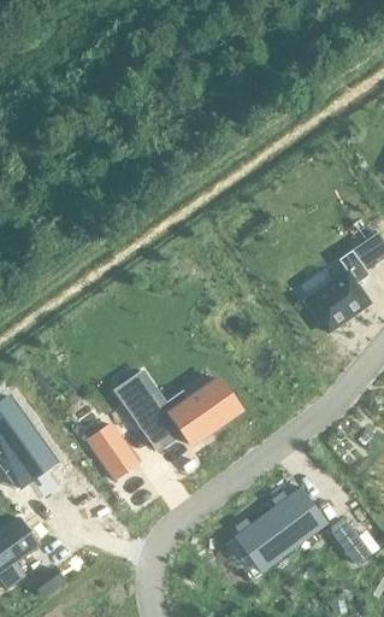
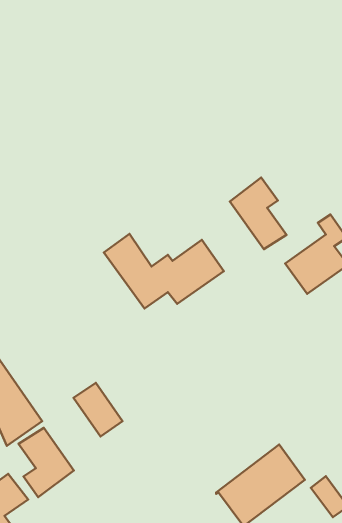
building: none -> [230,177,287,249]
building: [116,371,240,448] -> [104,234,224,309]
building: none -> [19,428,74,497]

